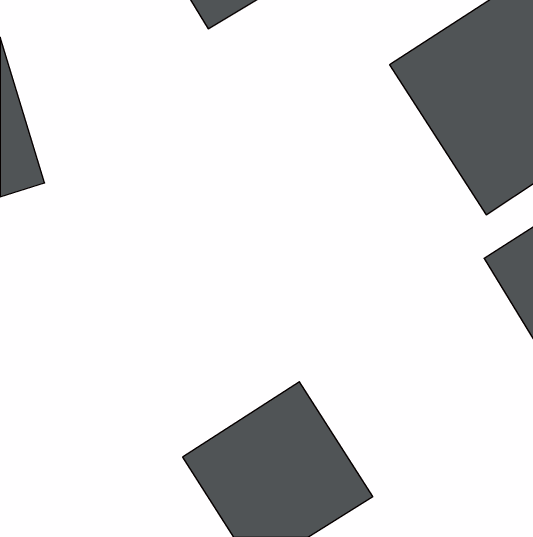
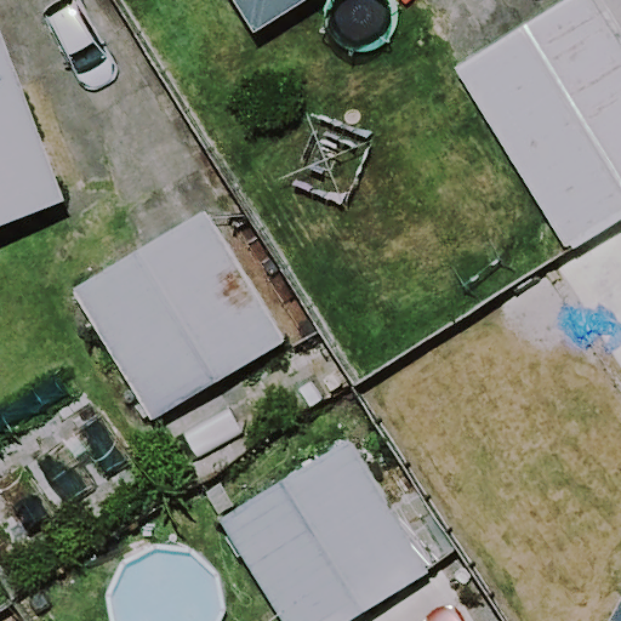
building: none -> [69,210,280,422]

